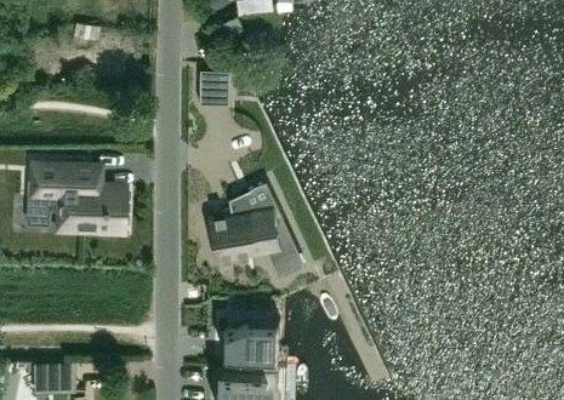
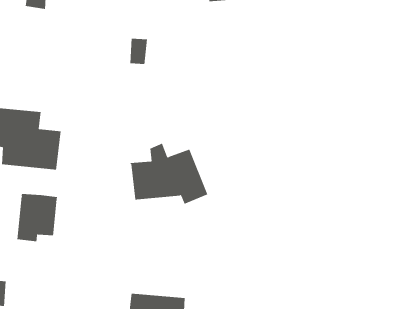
building: none -> [17,193,57,242]
building: [222,319,281,366] -> none

